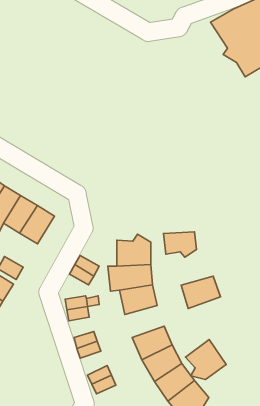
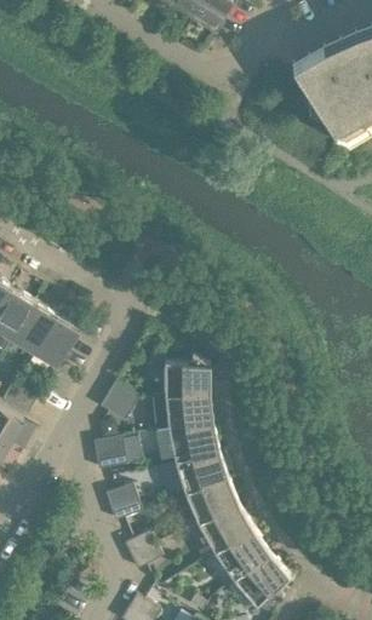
building: [163,232,196,257] -> none
building: [181,276,220,308] -> [176,452,229,495]
building: [185,340,226,380] -> none

